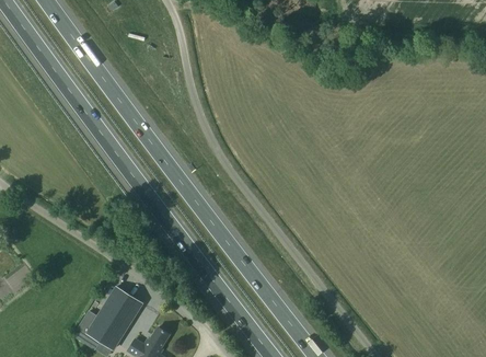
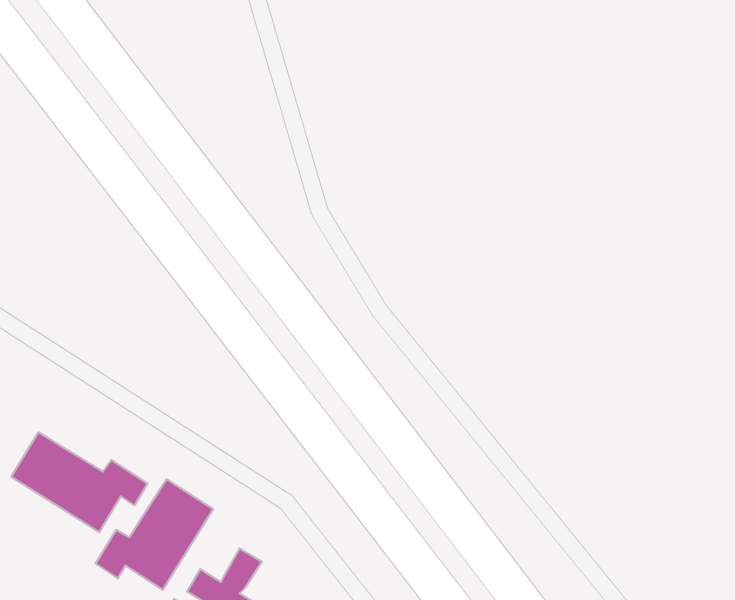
building: none -> [11,432,148,532]

